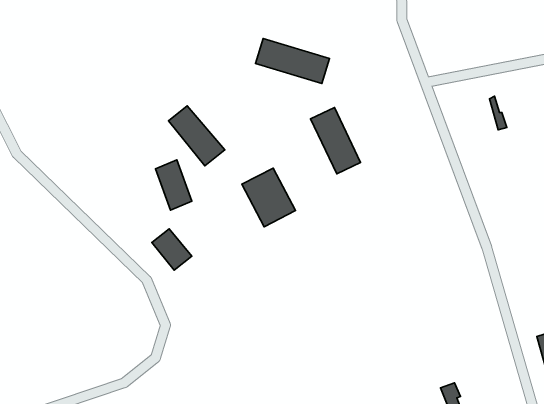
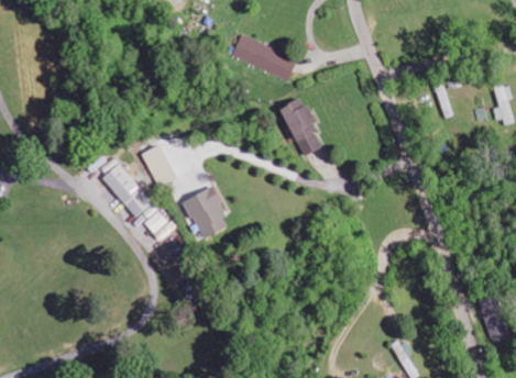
building: [169,106,225,166] -> [102,164,152,216]
building: [242,168,296,227] -> [183,187,230,238]

